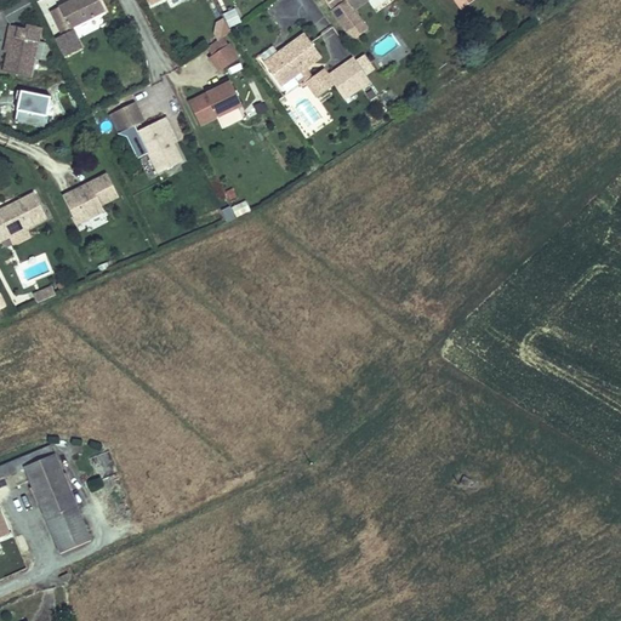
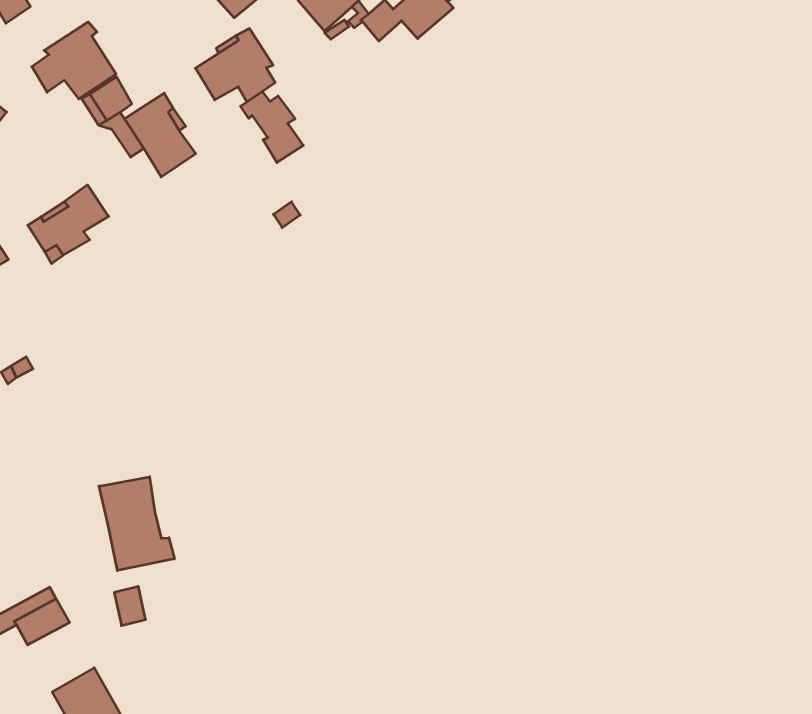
building: none -> [32,22,116,99]
building: none -> [241,91,303,163]
building: none -> [99,477,174,571]
building: [30,469,74,515] -> none

